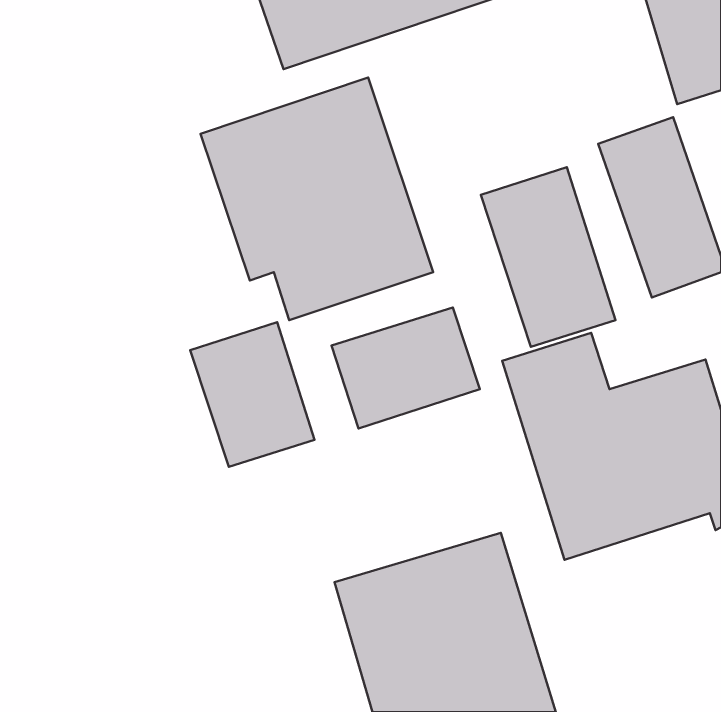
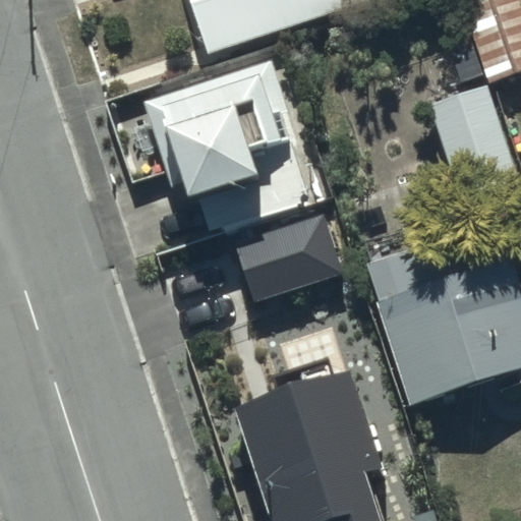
building: [481,167,616,347] -> none
building: [190,322,315,467] -> none

